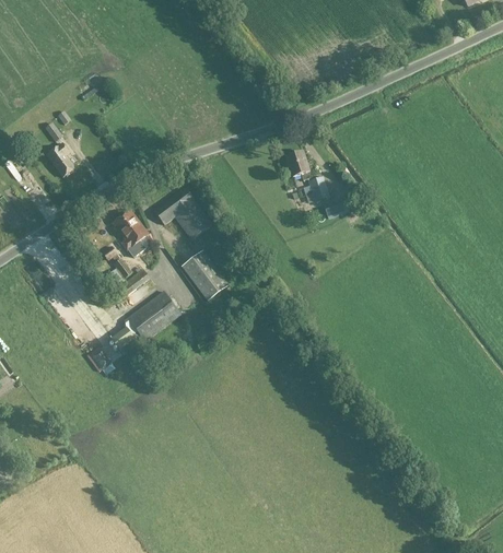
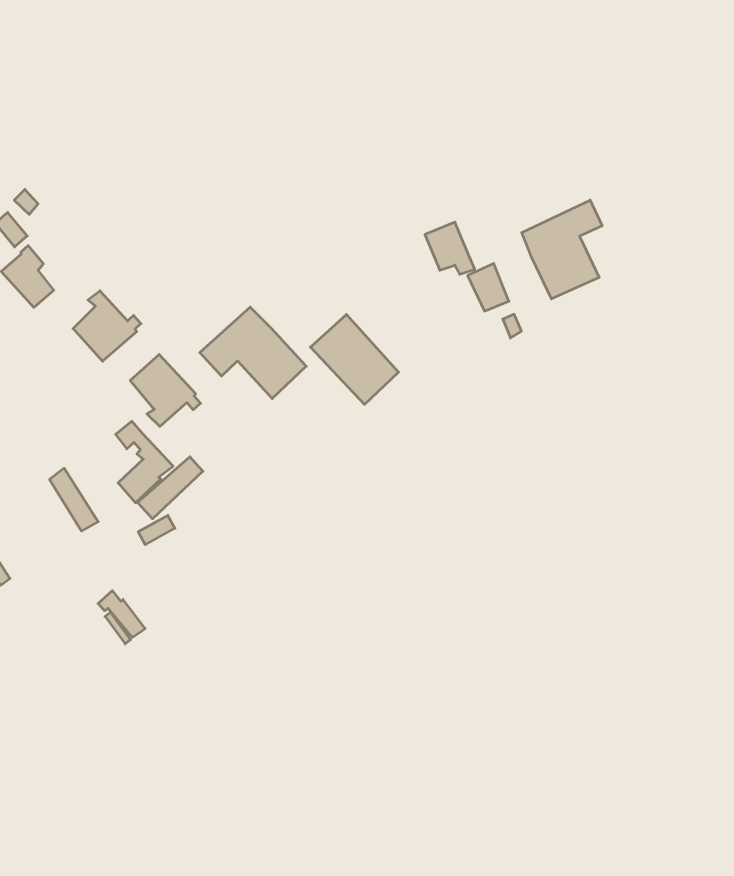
building: none -> [522,200,602,299]
building: none -> [73,291,141,361]
building: [180,250,229,302] -> [310,314,399,404]
building: [110,290,182,355] -> none

